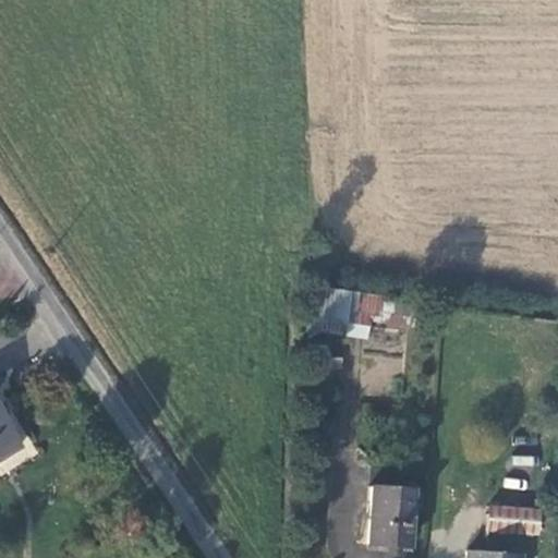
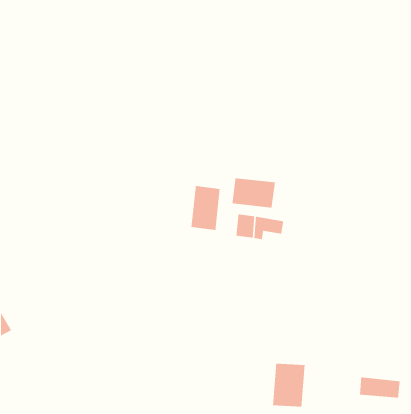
building: none -> [231,178,276,208]
building: none -> [191,185,221,231]

